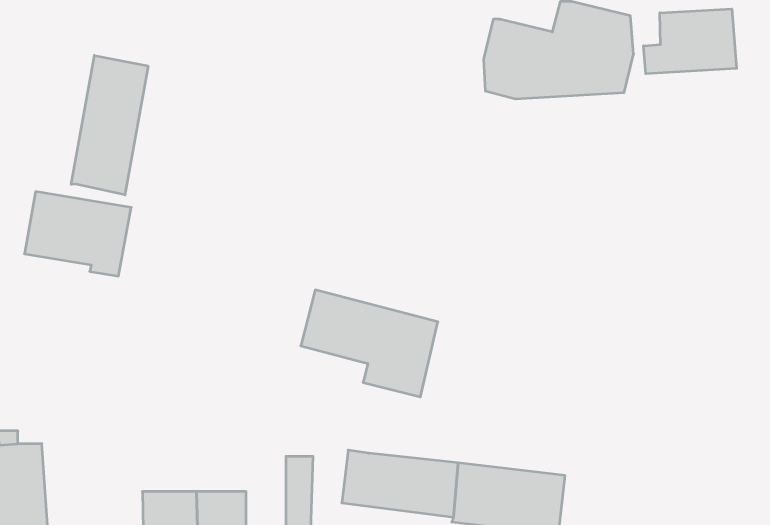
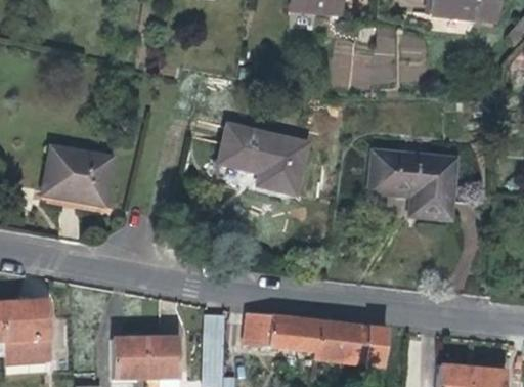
building: [644,9,737,74] -> none
building: [71,55,148,195] -> none
building: none -> [365,147,453,221]
building: [301,290,438,397] -> [217,123,305,191]

